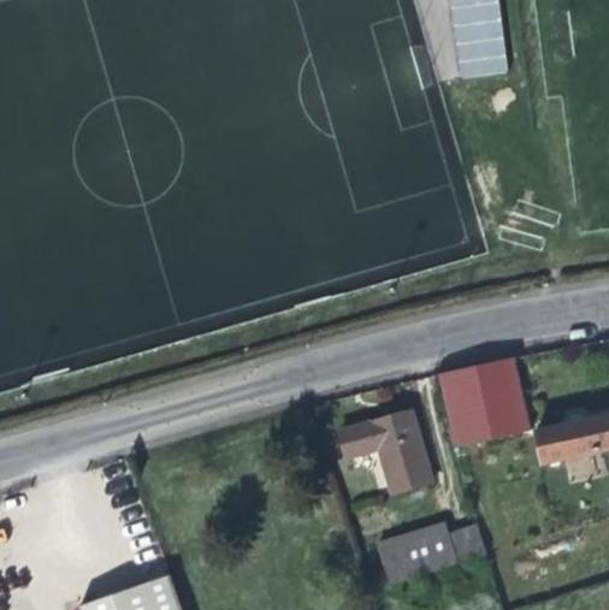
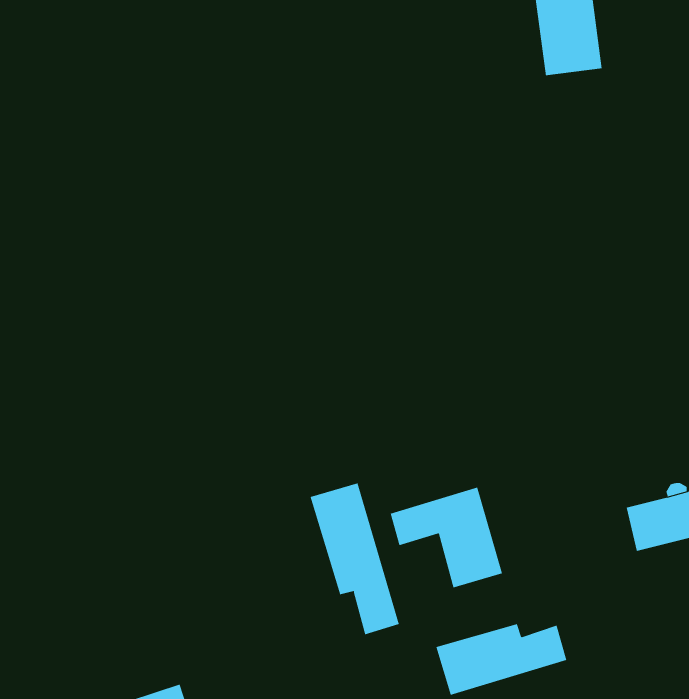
building: [436,359,531,445] -> none
building: none -> [310,483,399,635]

